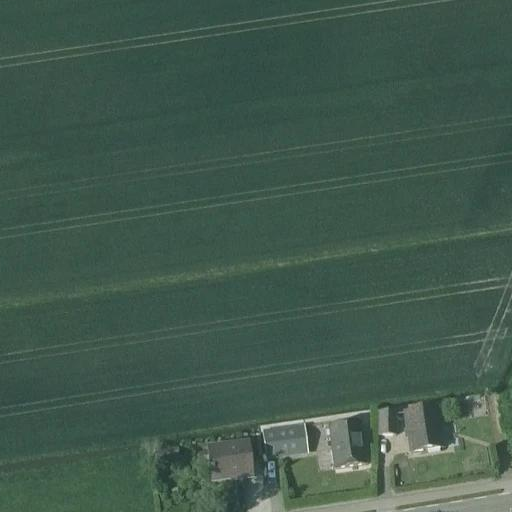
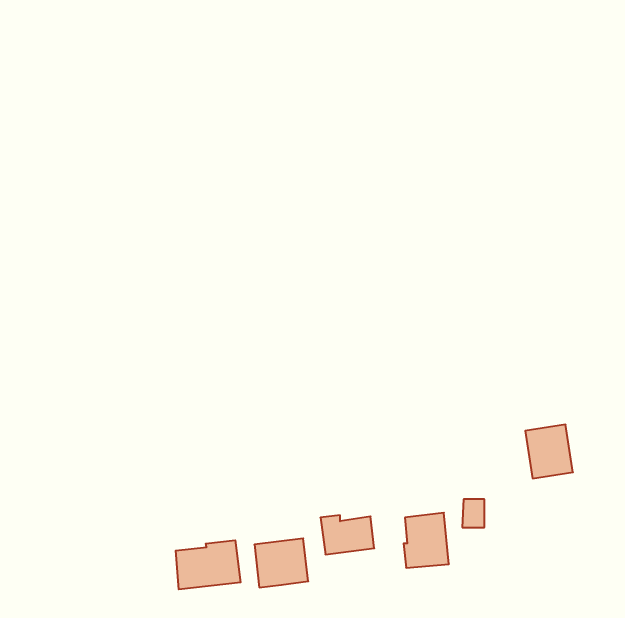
building: [404,404,443,448] -> [525,425,573,478]
building: none -> [176,540,241,589]

